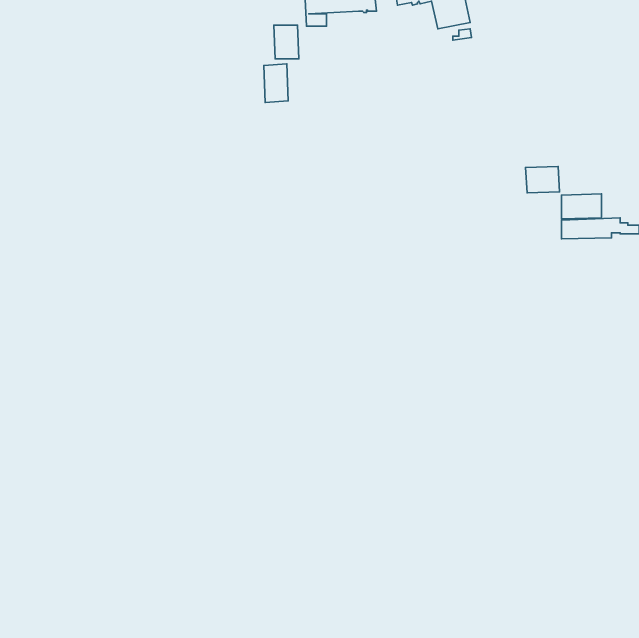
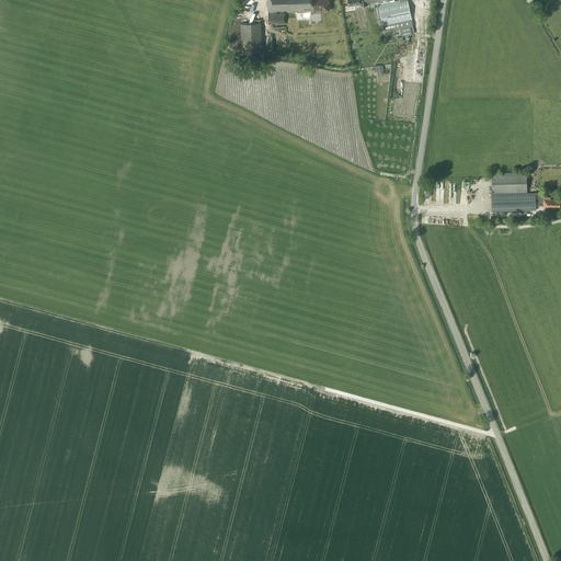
building: [264,64,288,102] -> none
building: [526,166,559,193] -> none

